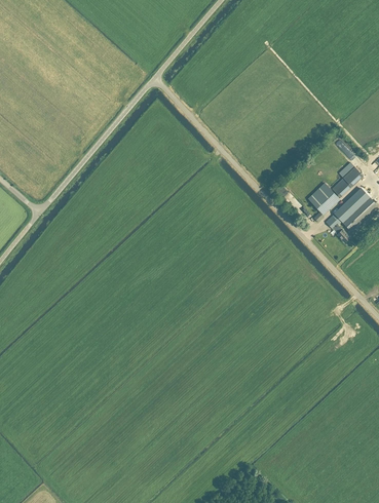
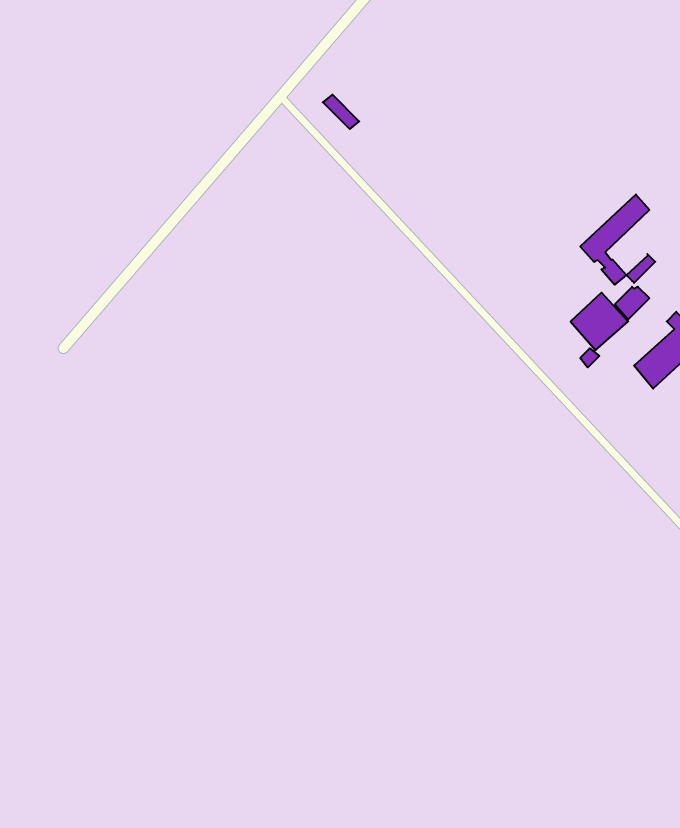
building: [326,193,363,241] -> [580,194,649,285]

